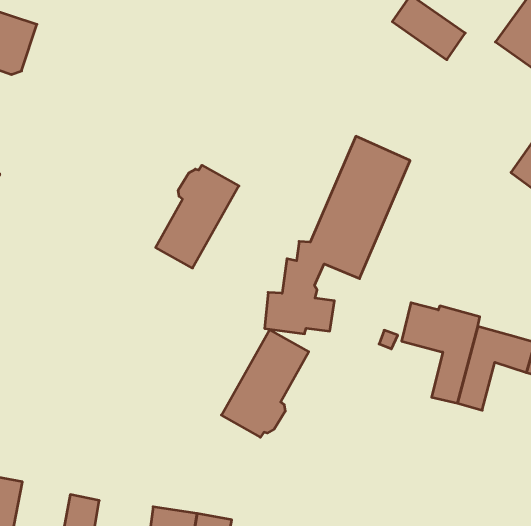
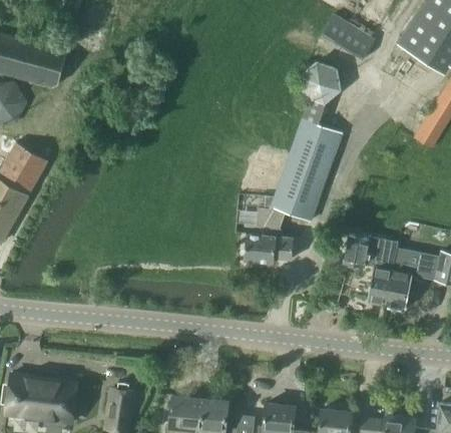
building: none -> [302,62,342,104]
building: [156,165,239,268] -> none
building: [221,330,309,437] -> none

